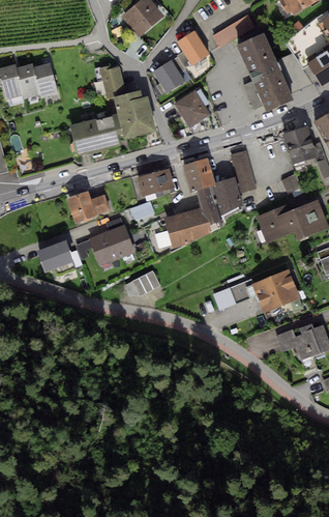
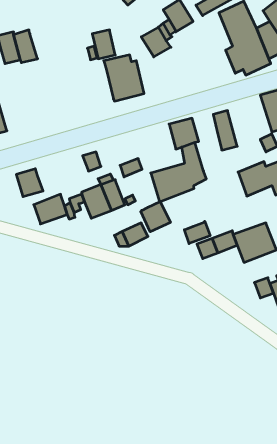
building: [33,62,58,96] -> none
building: [174,90,209,126] -> none
building: [67,106,123,154] -> none
building: [137,168,174,200] -> none
building: [211,175,244,214] -> none
building: [67,191,96,221] -> [16,169,43,197]
building: none -> [141,202,170,232]
building: none -> [184,221,210,244]

